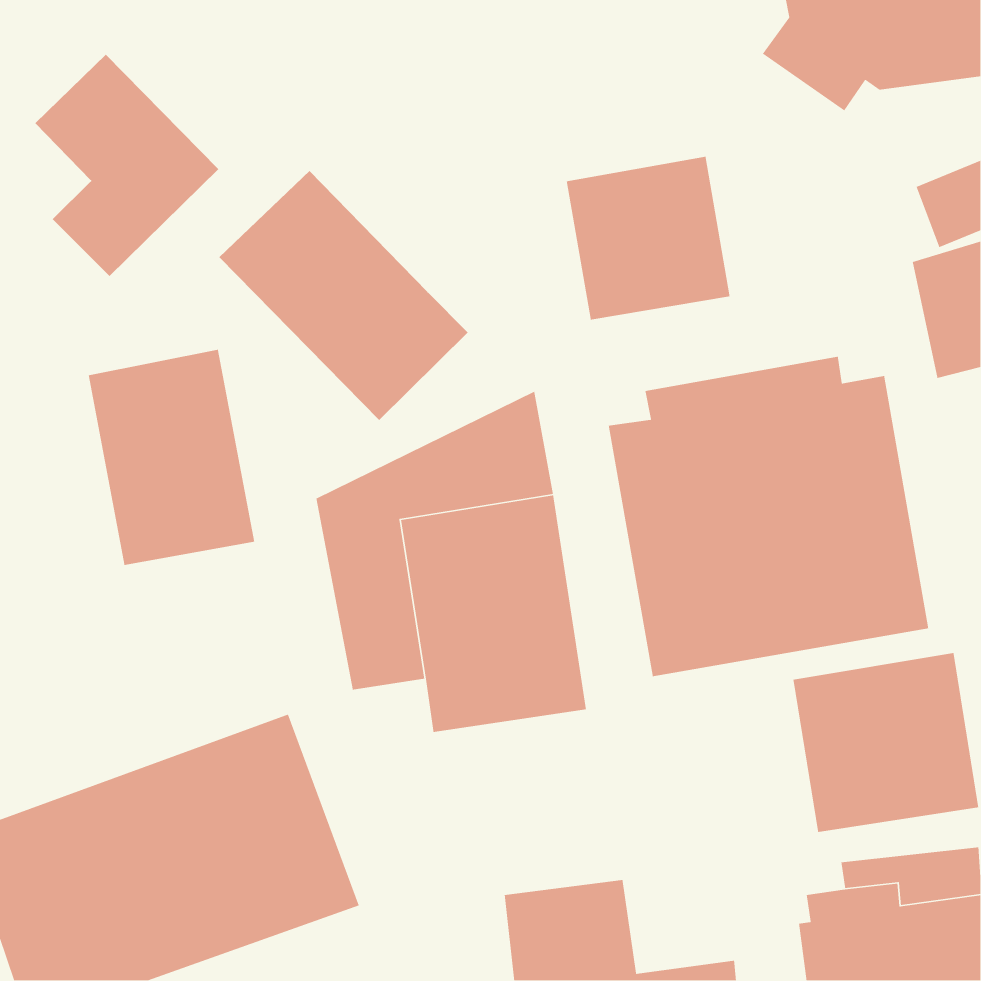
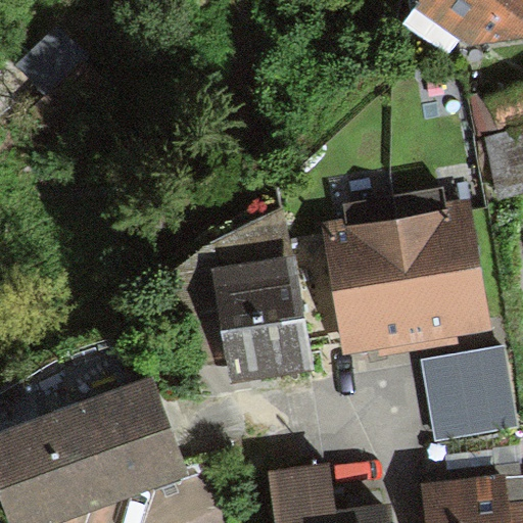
building: [566,156,731,320] -> none
building: [219,170,469,421] -> none
building: [88,349,255,566] -> none

